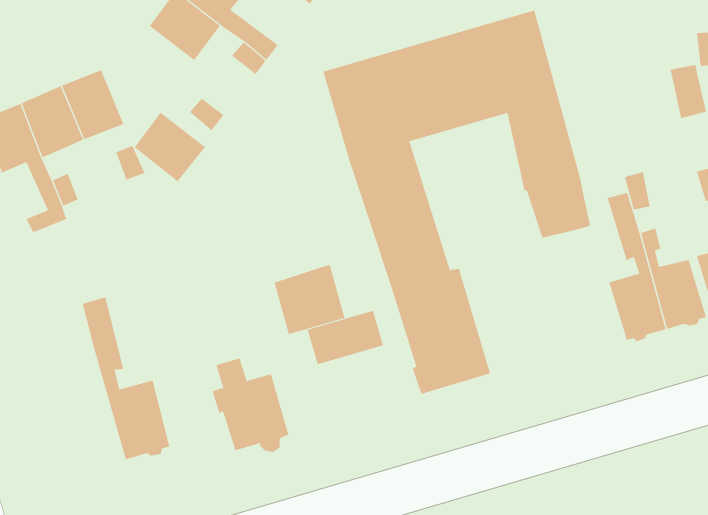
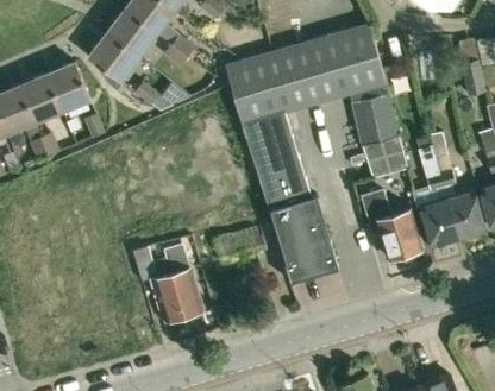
building: [134,112,206,182] -> [89,33,138,81]
building: none -> [363,191,421,259]
building: [274,264,345,335] -> none
building: [82,296,170,460] -> none

